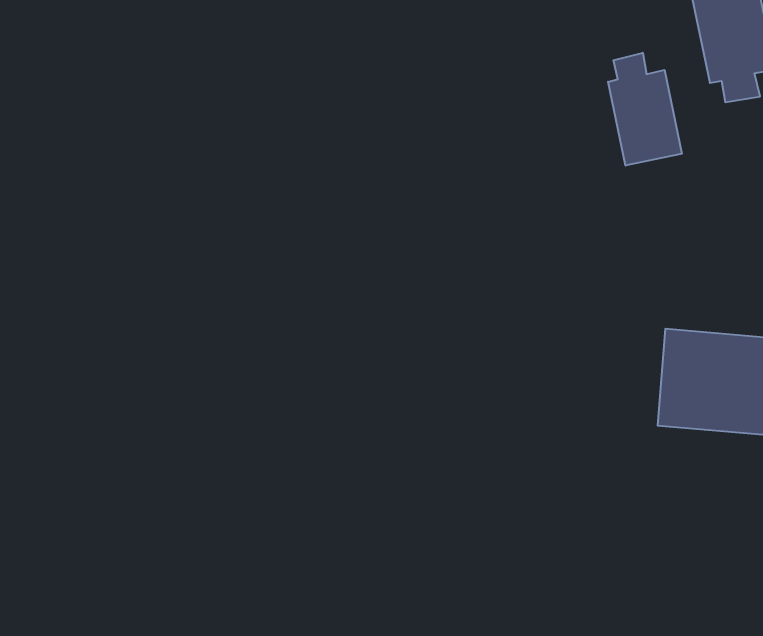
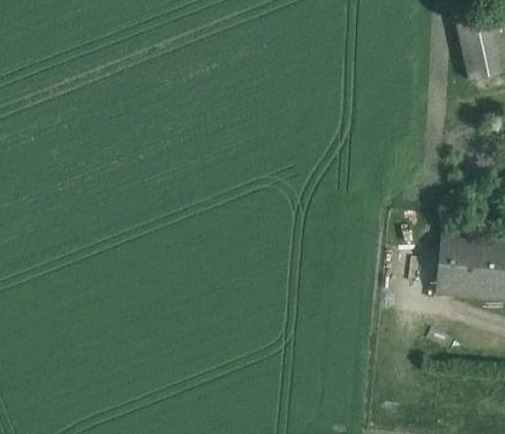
building: [608,53,682,166] -> none

